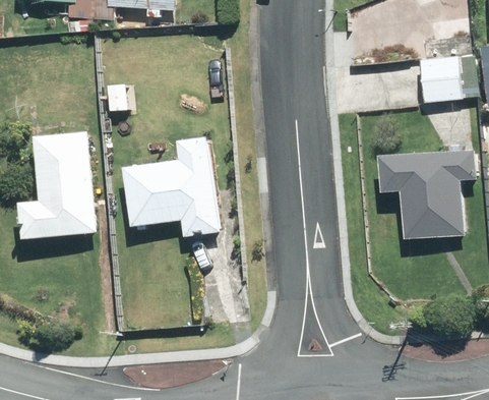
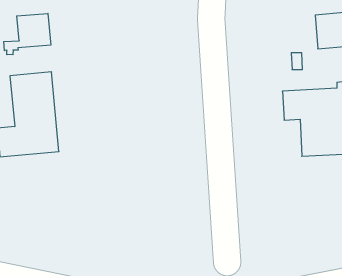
building: none -> [4,13,51,55]
building: [121,137,219,235] -> none

